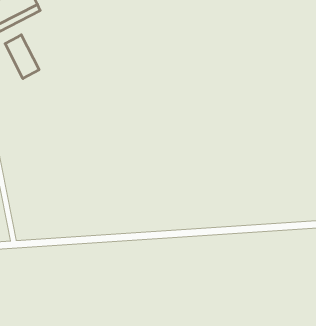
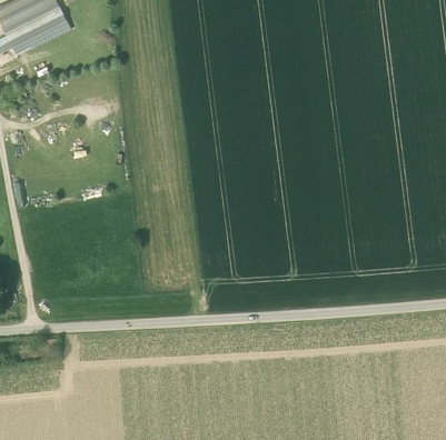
building: [5,35,39,79] -> none

